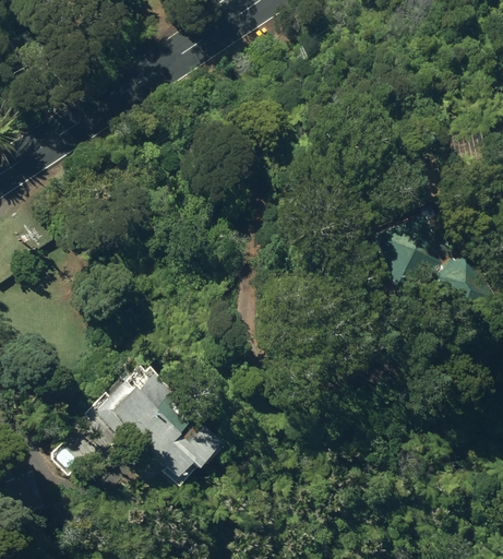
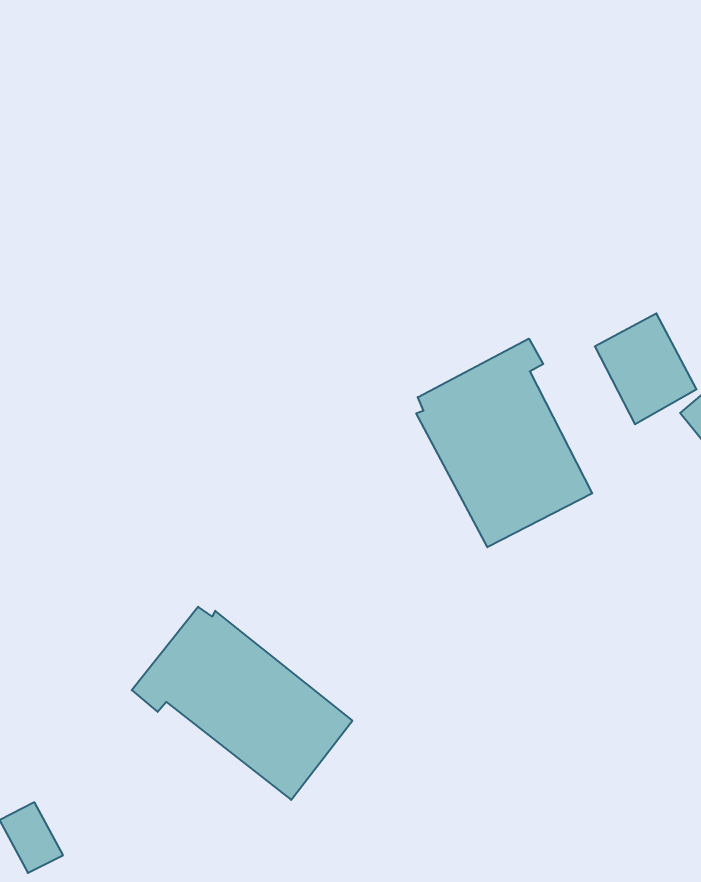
building: none -> [416,339,592,547]

